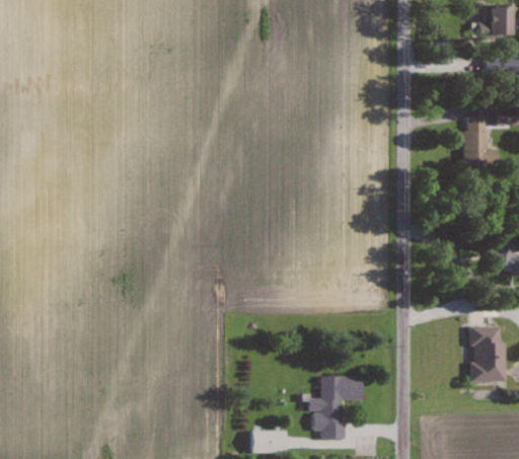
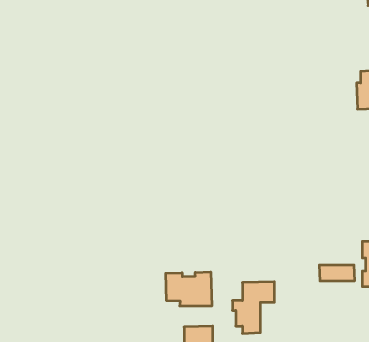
building: none -> [319,265,354,281]
building: none -> [166,272,212,306]

